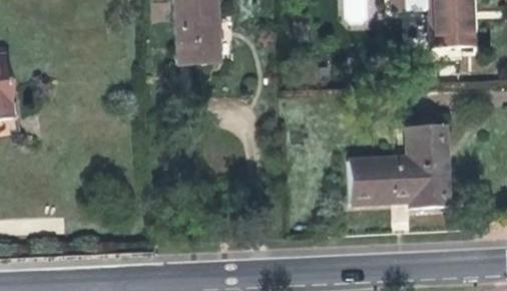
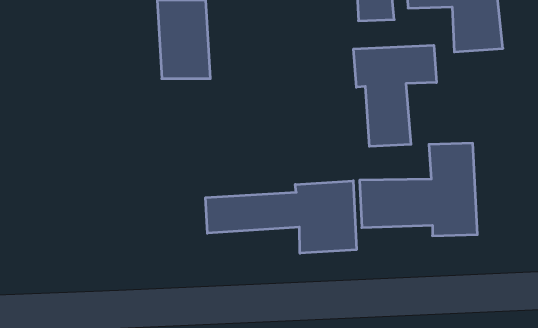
building: none -> [354,45,436,146]
building: none -> [206,181,356,253]

